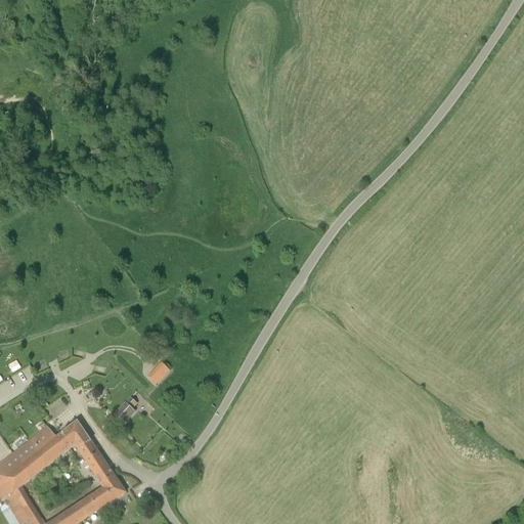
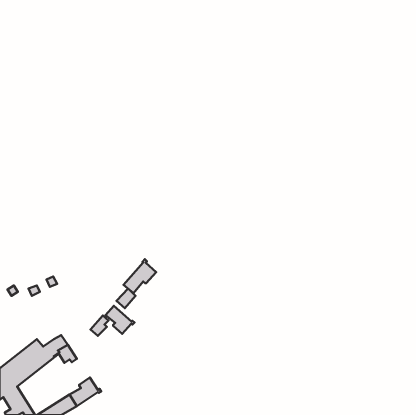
building: none -> [124,259,156,293]
building: none -> [105,306,134,334]
building: [81,450,113,483] -> none

